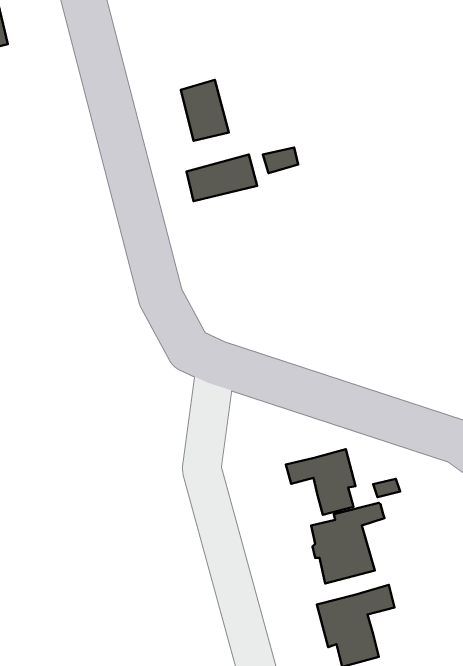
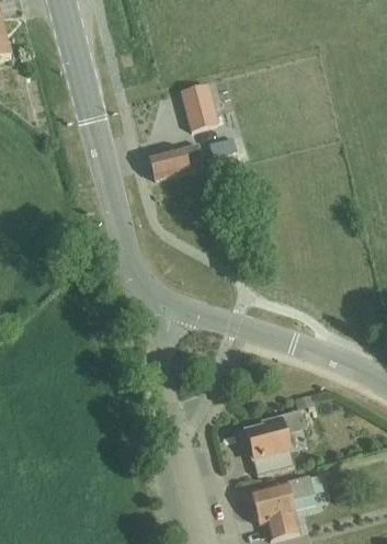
building: [181,80,229,141] -> [181,83,218,131]
building: [286,449,355,515] -> none

